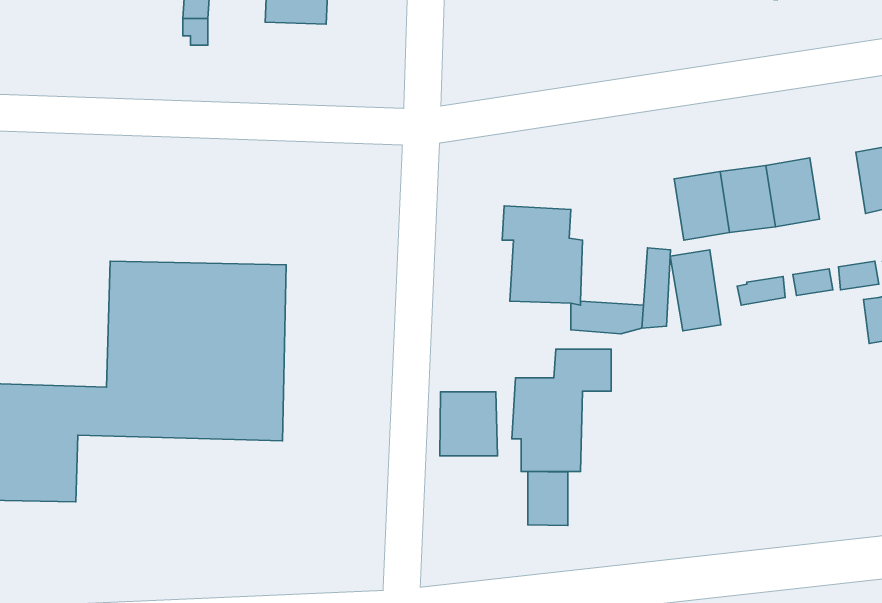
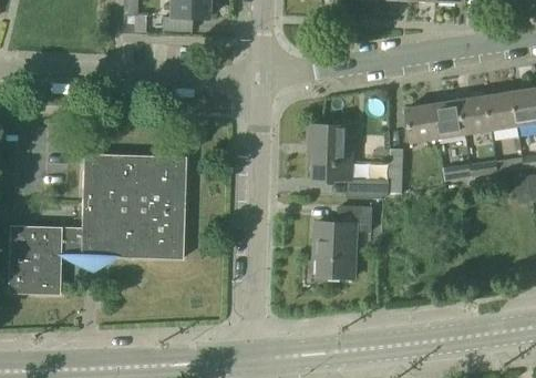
building: none -> [486,92,518,131]
building: [670,250,721,331] -> none
building: [440,392,497,456] -> none
building: [528,471,568,525] -> none

